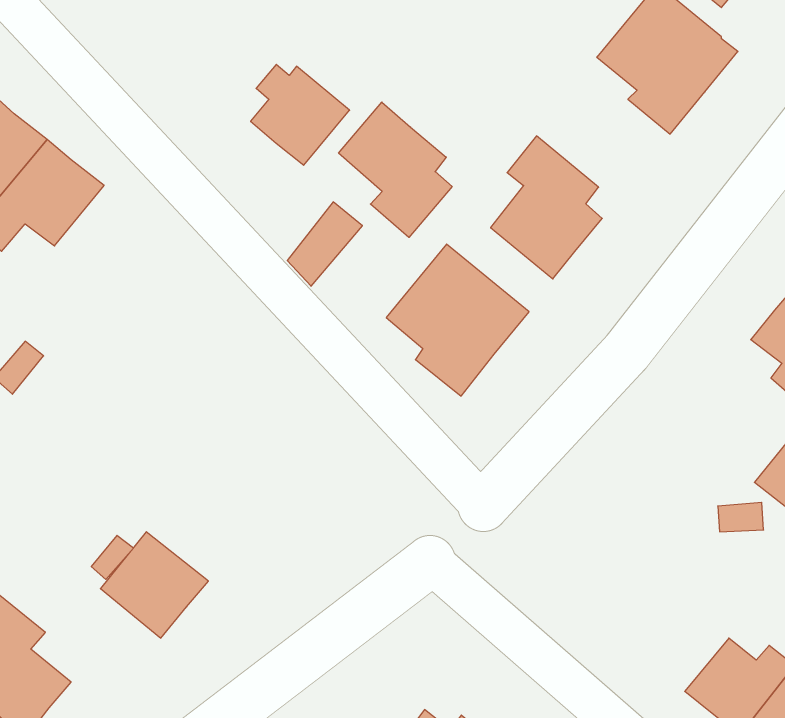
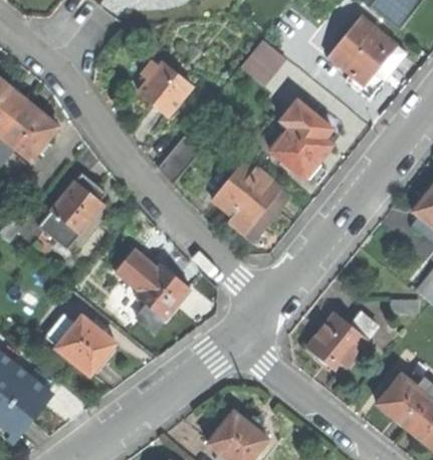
building: none -> [241,40,286,85]
building: [339,102,452,237] -> none
building: none -> [39,174,105,249]
building: none -> [117,250,189,330]
building: none -> [307,313,379,374]

